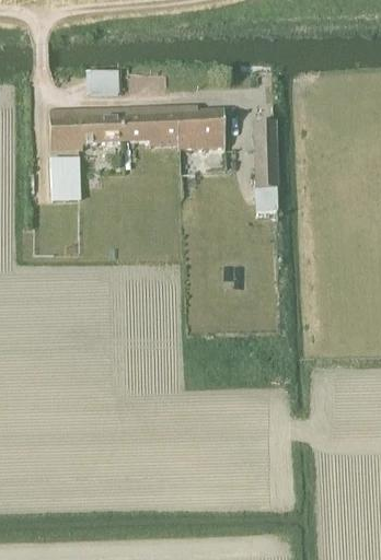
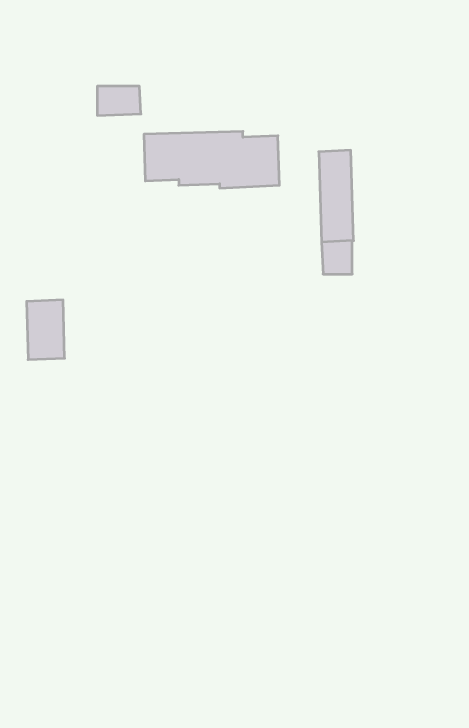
building: [48,107,123,149] -> none
building: [51,155,80,200] -> [27,300,65,360]

